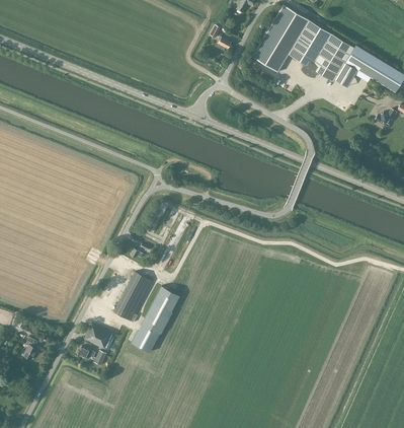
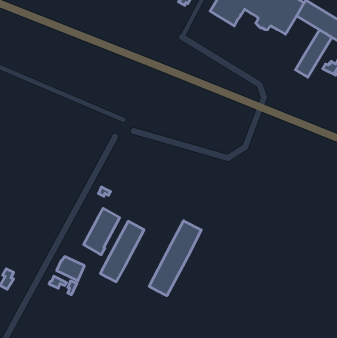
building: none -> [295,30,332,77]
building: none -> [149,221,201,296]

